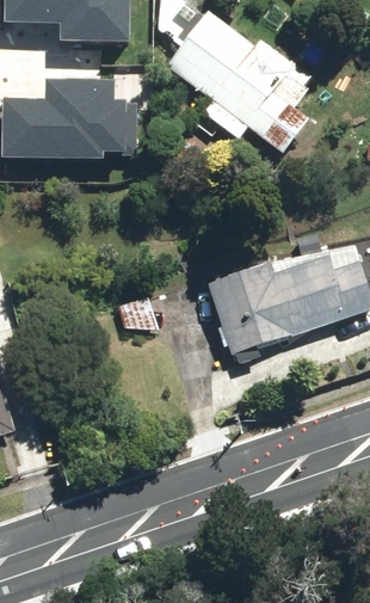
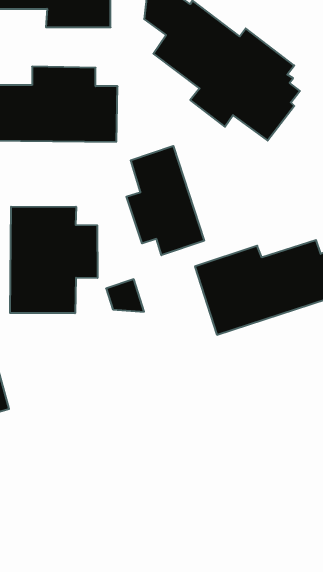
building: none -> [126,146,204,255]
building: none -> [10,207,97,313]

